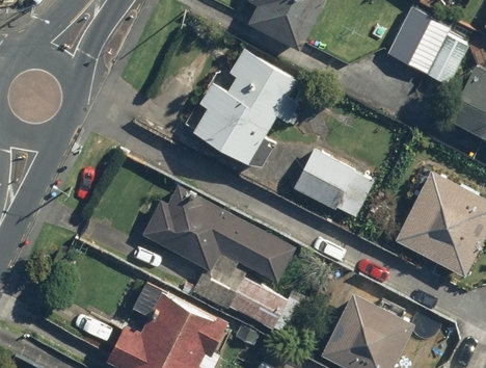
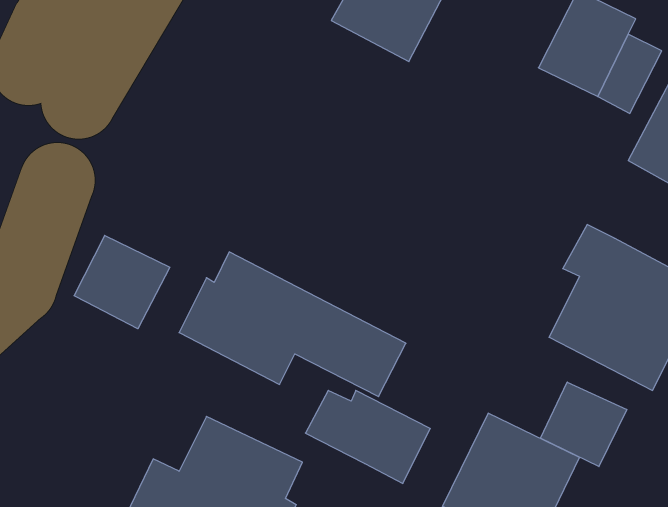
building: [192,49,300,172] -> none
building: [295,150,375,219] -> none
building: none -> [74,235,170,329]
building: none -> [540,382,627,467]

